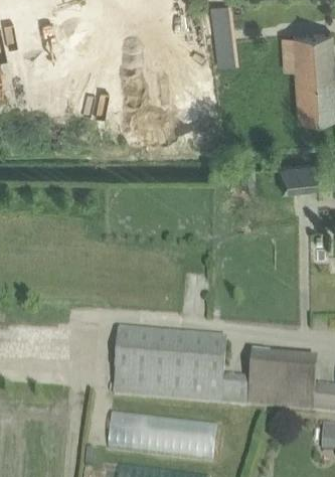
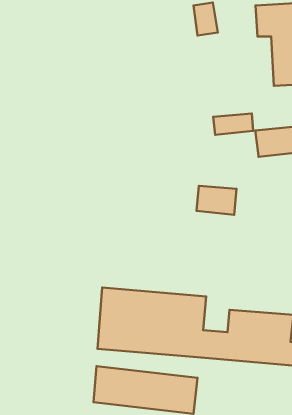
building: none -> [213,114,253,135]
building: none -> [197,186,237,215]

